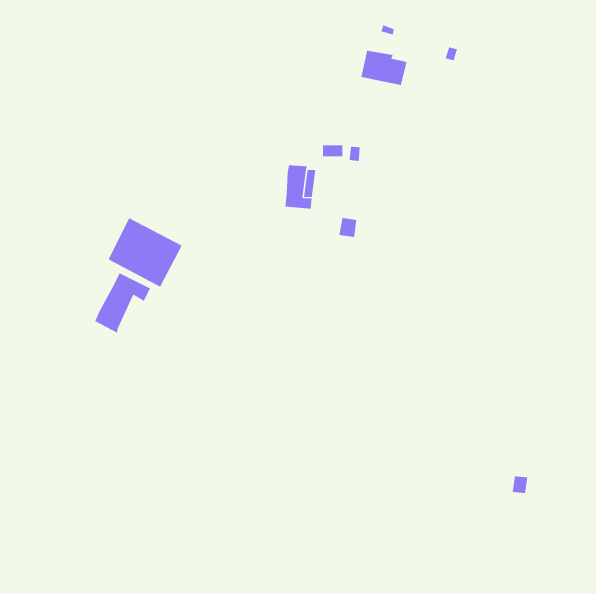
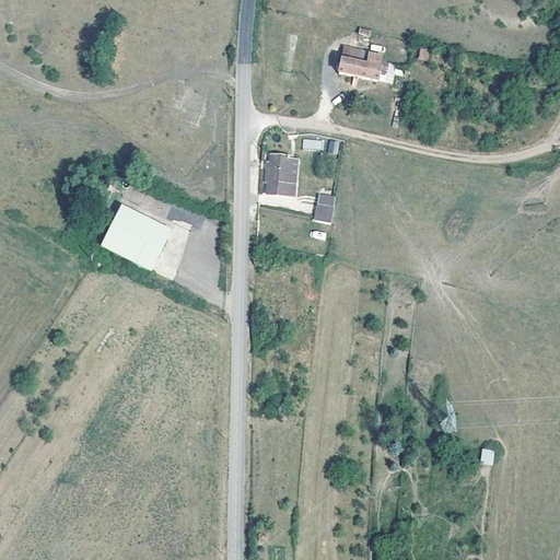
building: [94,272,151,334] -> none

